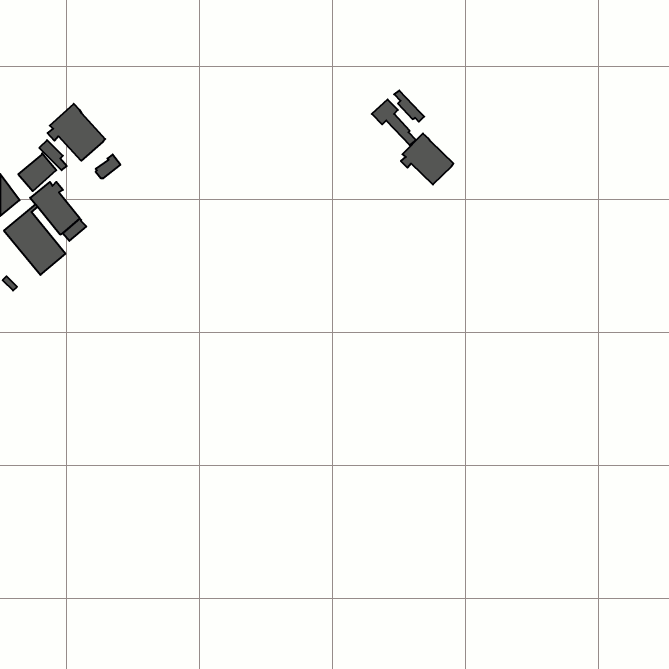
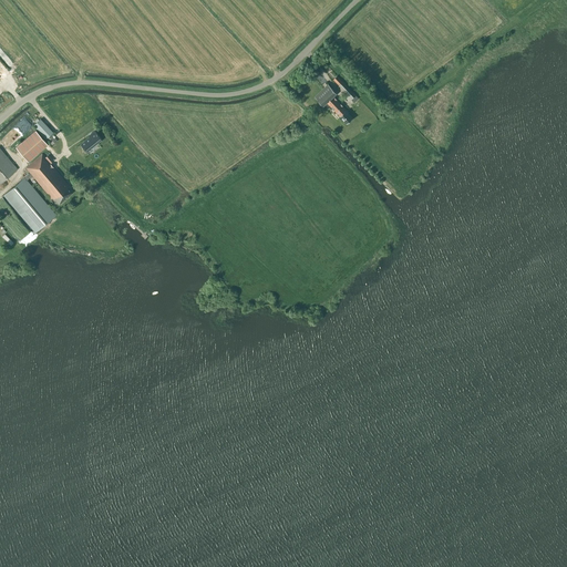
building: [48,104,105,161] -> none
building: [401,133,453,185] -> none

